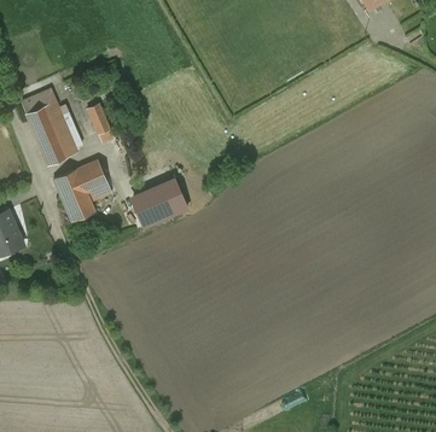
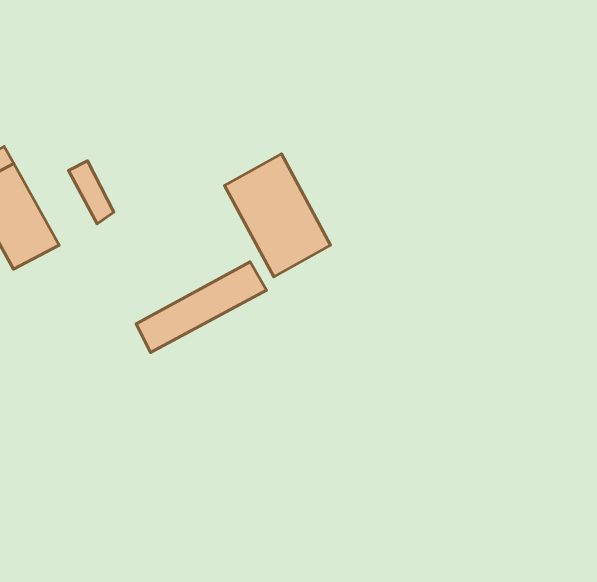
building: none -> [225,154,331,277]
building: [54,158,112,221] -> none

